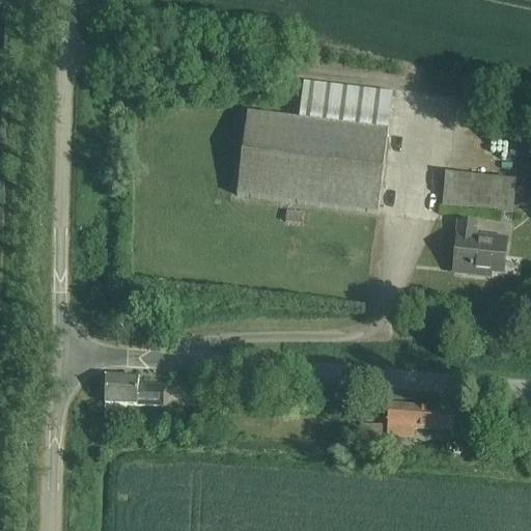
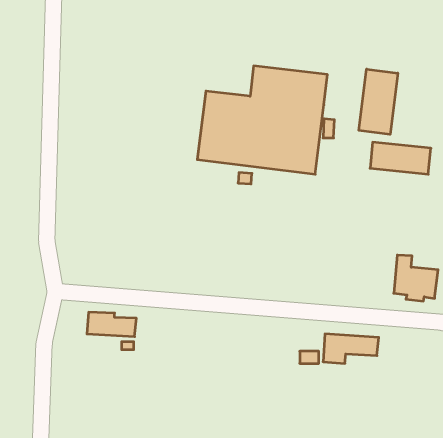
building: none -> [359,69,398,134]
building: [453,218,506,273] -> [394,255,438,301]

